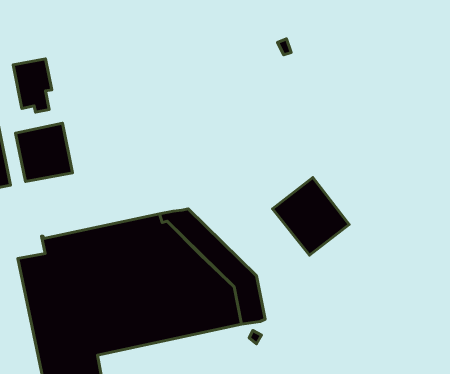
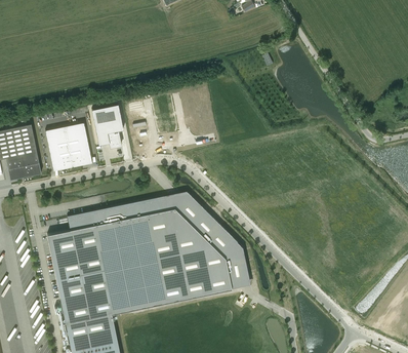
building: [13,59,52,112] -> [90,105,122,149]
building: [272,177,349,255] -> none

